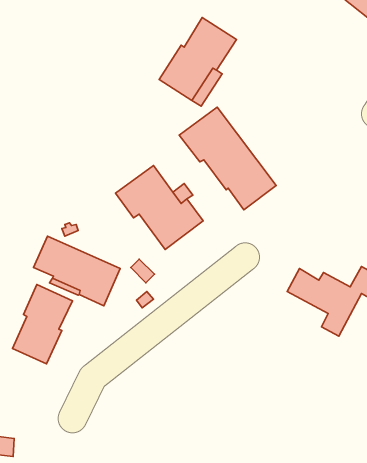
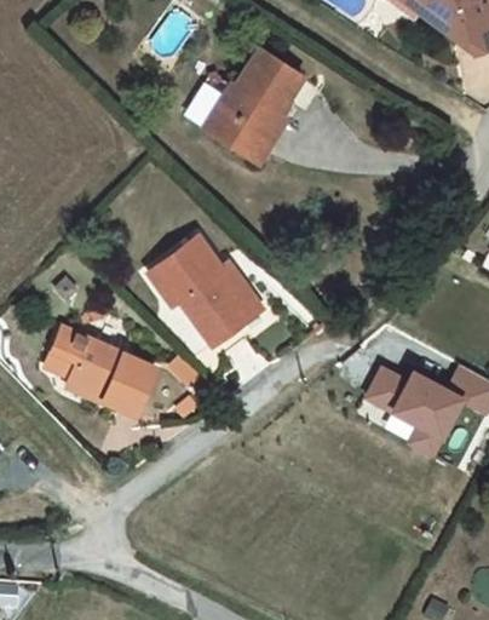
building: [179,107,276,210] -> none
building: [13,284,73,364] -> none

